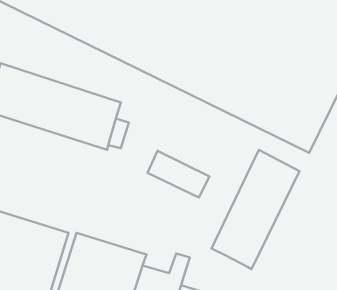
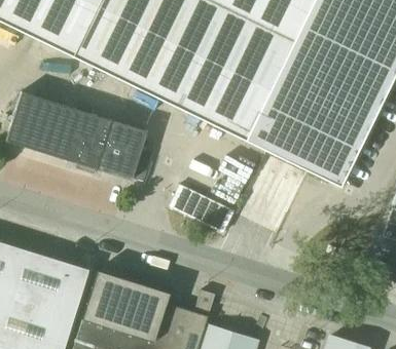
building: [212,150,300,269] -> none

